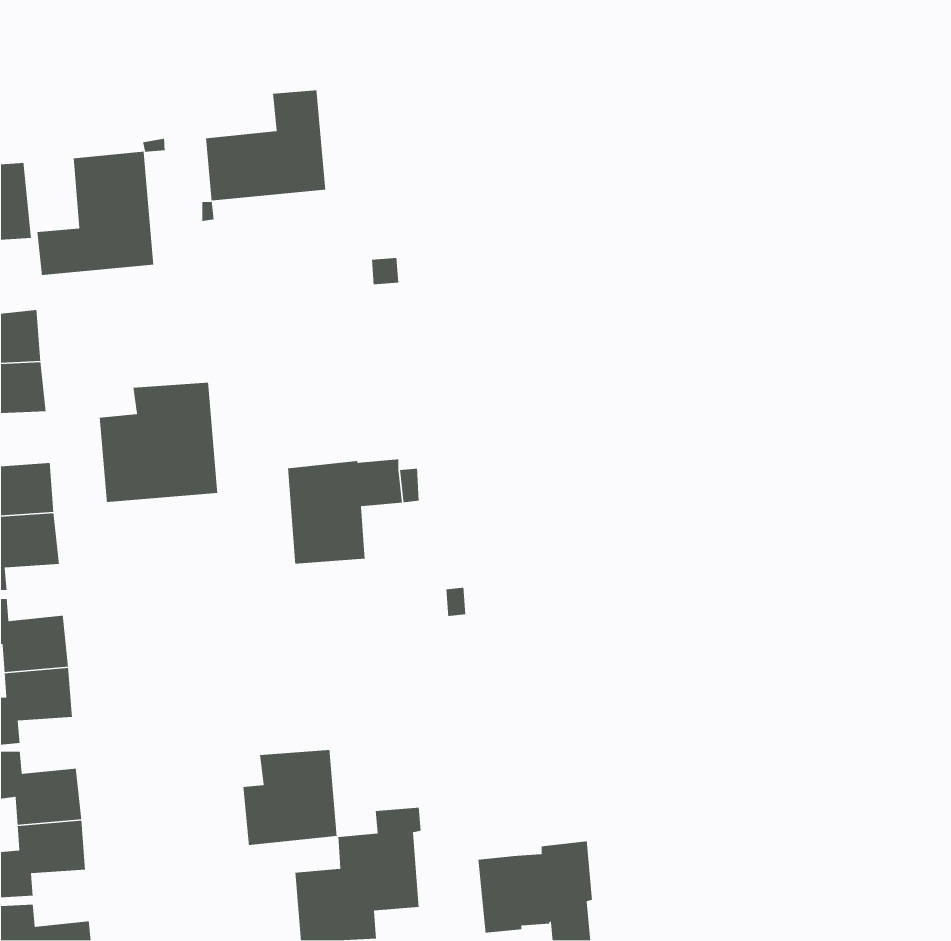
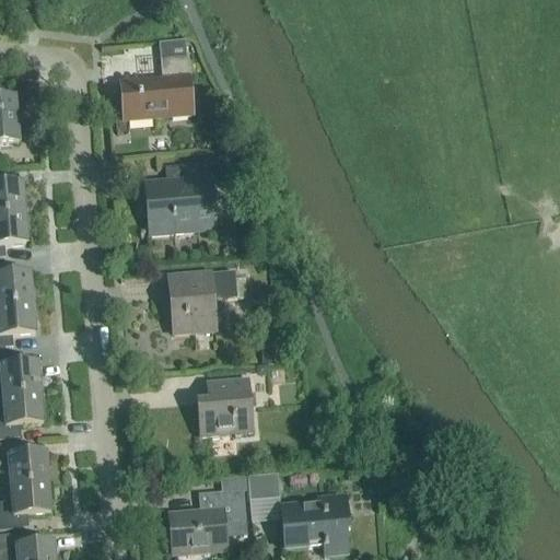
building: [37,138,165,276] -> none
building: [99,382,218,503] -> [145,161,215,232]
building: [242,749,338,846] -> [197,377,253,434]
building: none -> [247,471,280,499]

